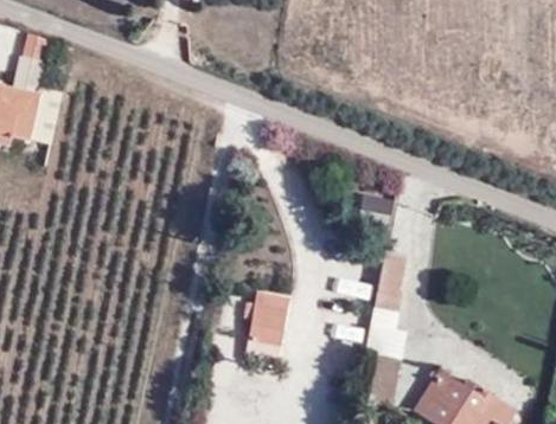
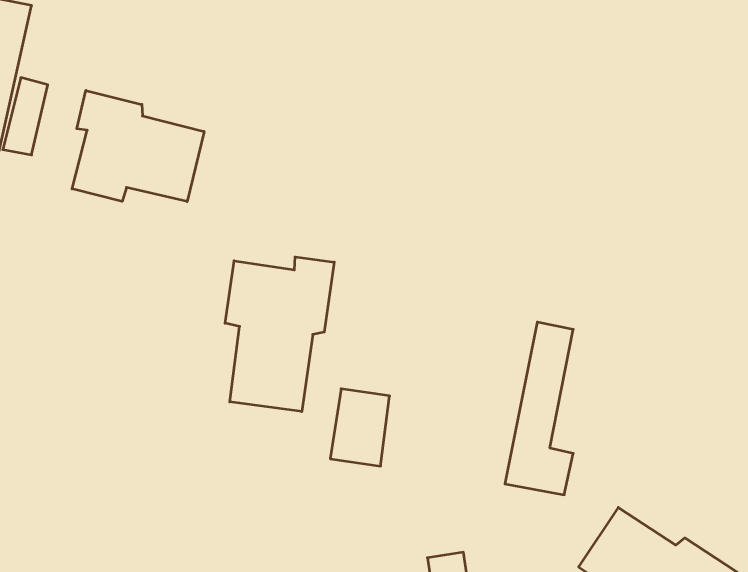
building: none -> [72,90,204,202]
building: none -> [225,257,334,412]

